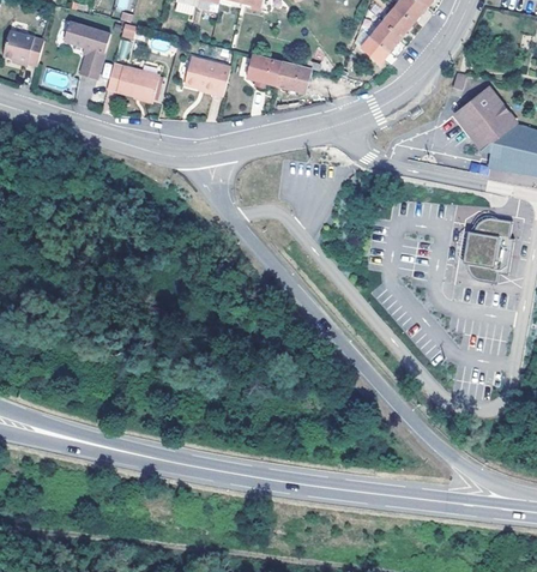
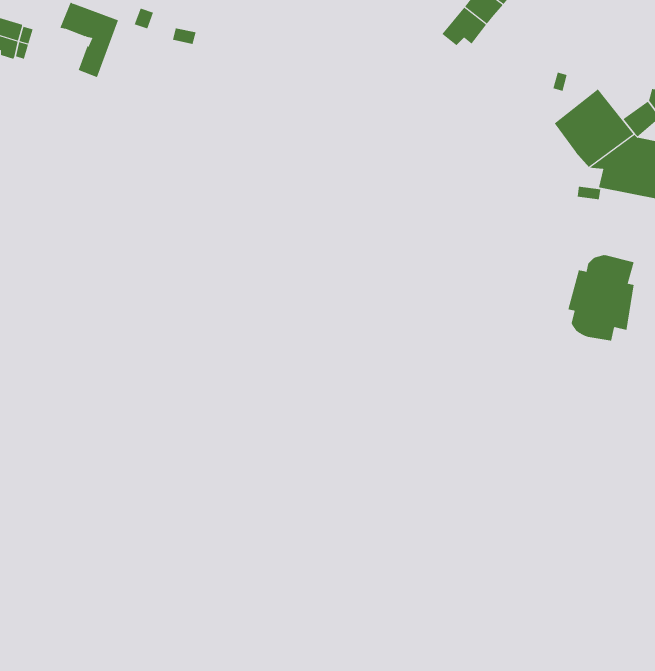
building: [246,54,309,90] -> none
building: [185,56,230,96] -> none
building: [104,61,157,96] -> none

